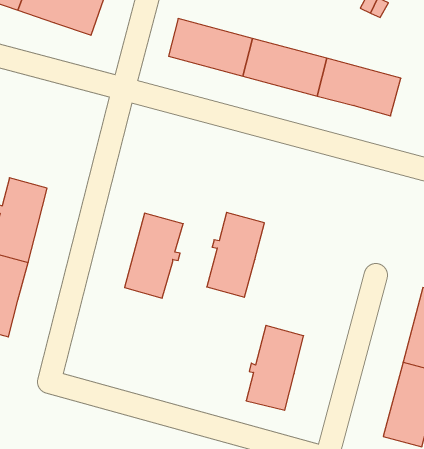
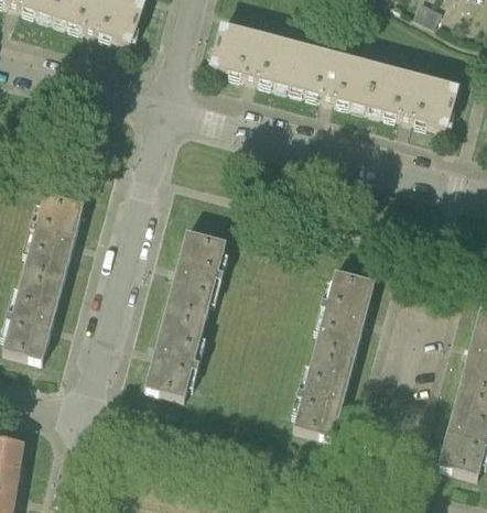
building: [207,212,264,297] -> [314,269,375,358]
building: none -> [144,307,205,396]

